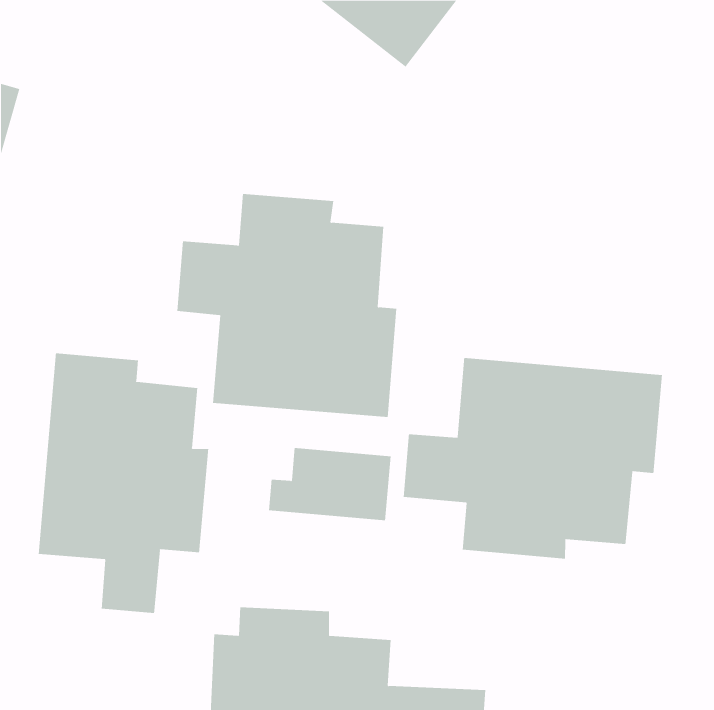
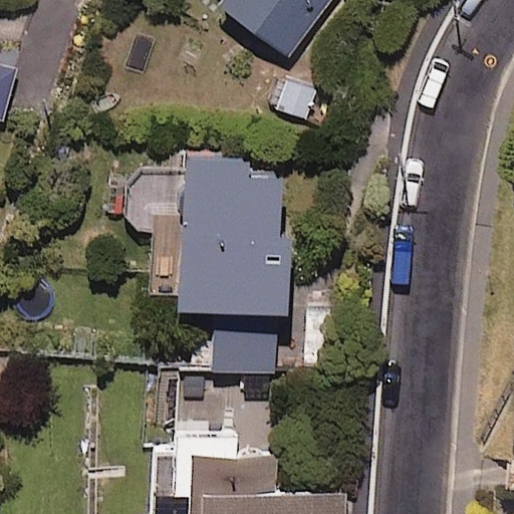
building: [38,353,209,614] -> none
building: [403,357,663,559] -> none

